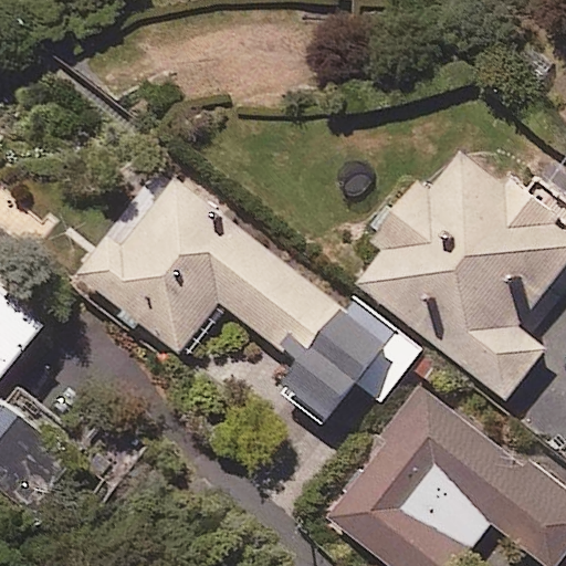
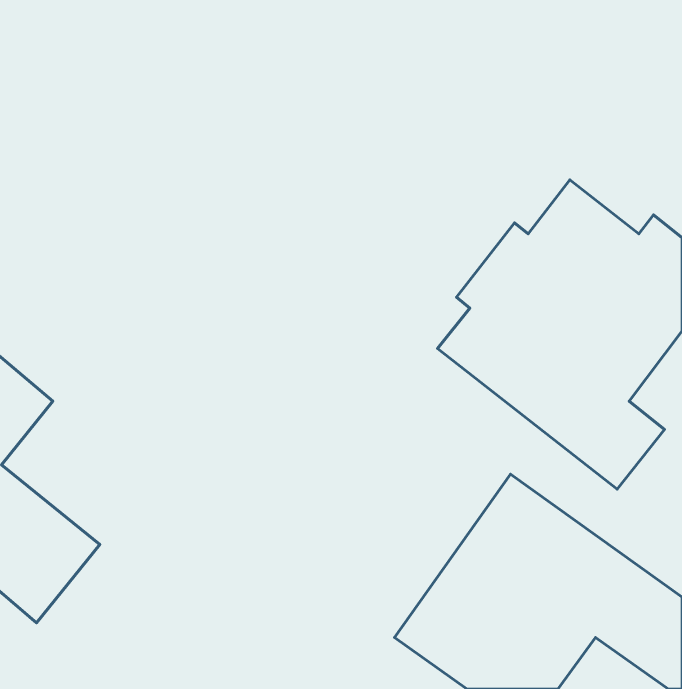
building: [76,176,338,363] -> none
building: [280,302,417,426] -> none

